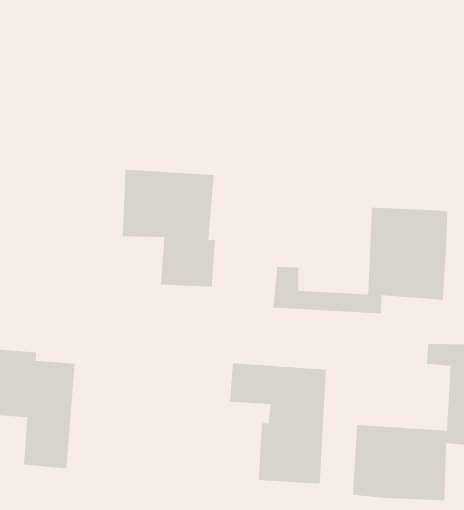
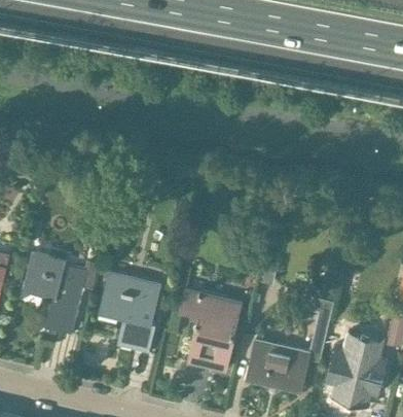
building: [122,169,216,287] -> [98,272,161,354]
building: [273,207,448,314] -> none

